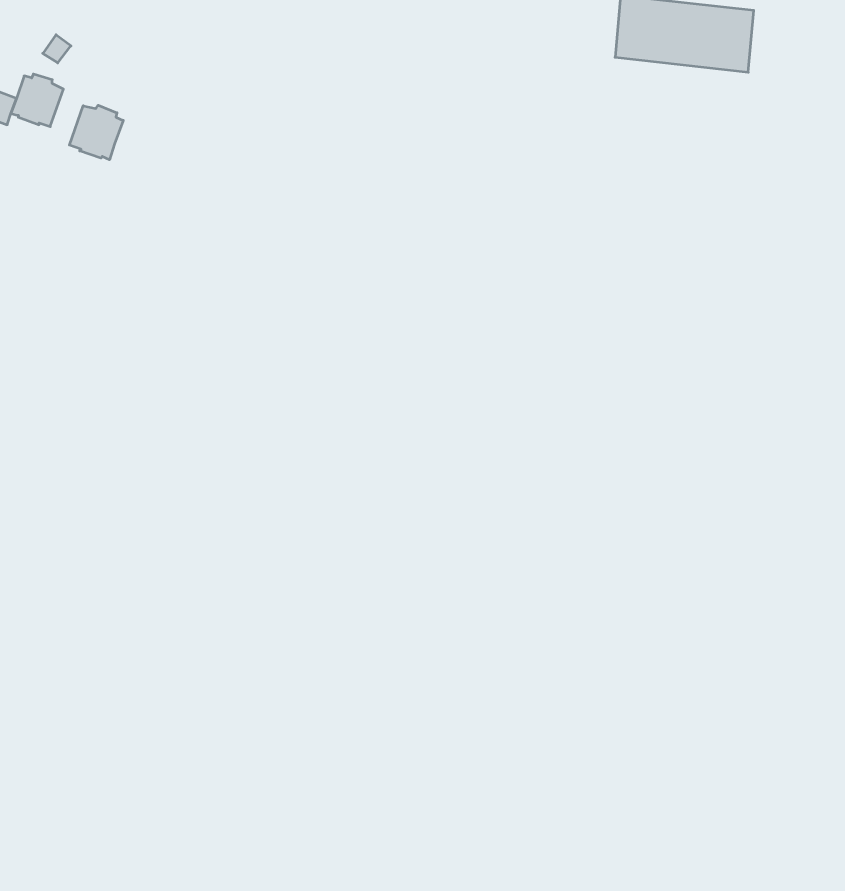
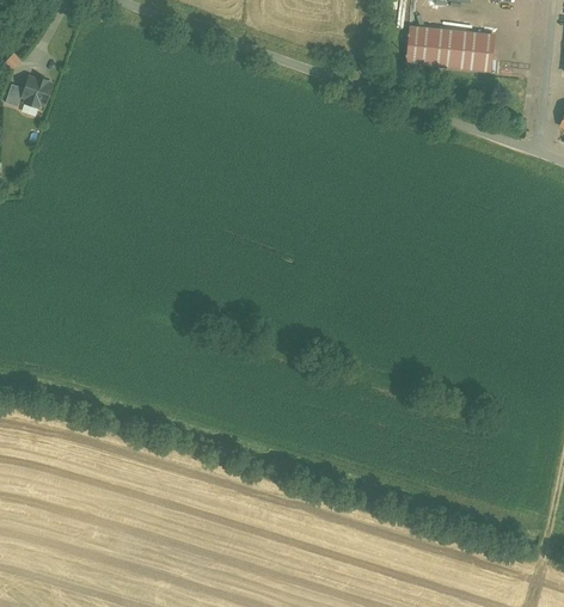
building: [69,105,123,160] -> none

